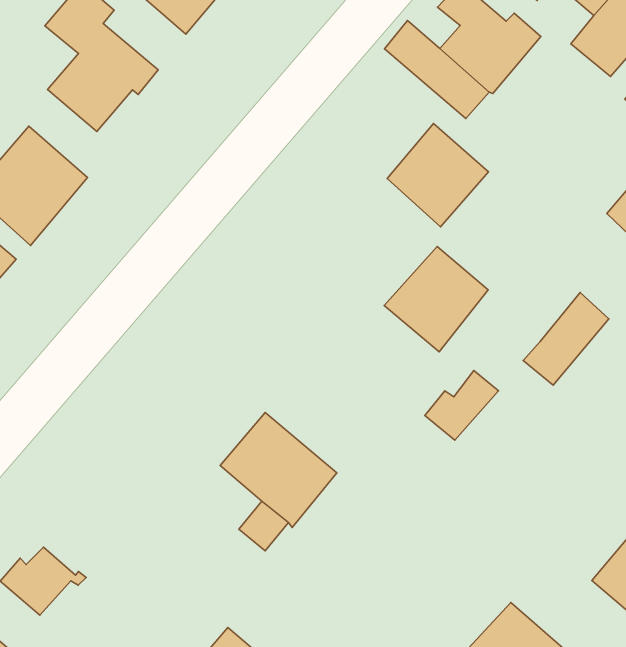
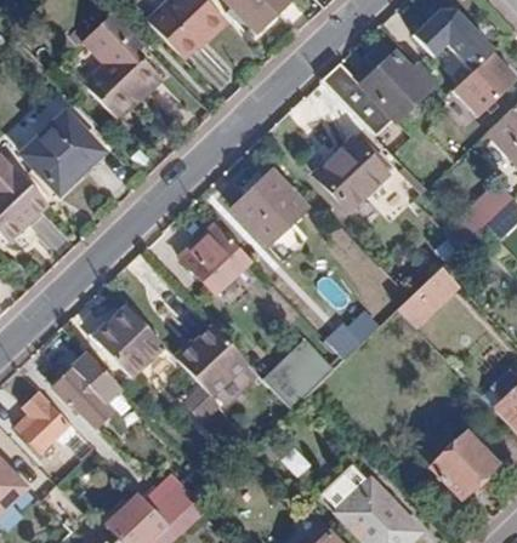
building: [384,246,488,352] -> [231,171,305,245]
building: none -> [178,223,249,293]
building: none -> [92,305,164,378]
building: none -> [268,338,323,408]
building: none -> [49,351,120,429]

